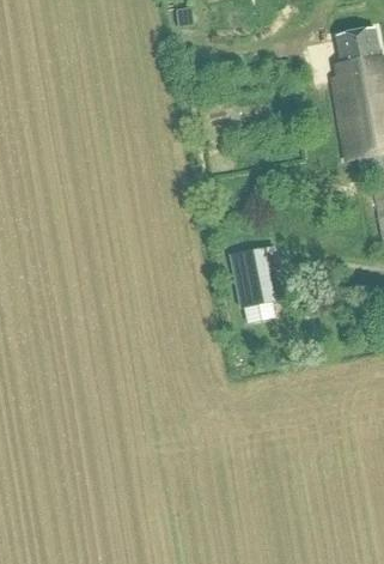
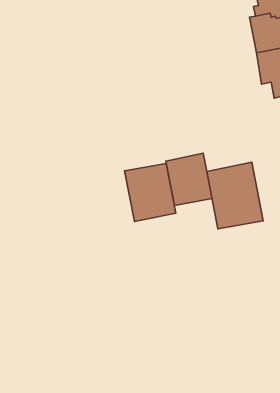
building: none -> [207,162,263,229]
building: none -> [125,163,176,222]

